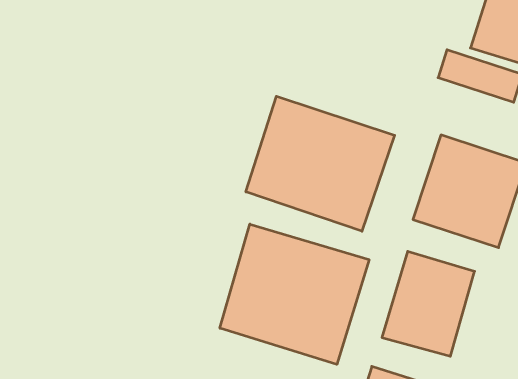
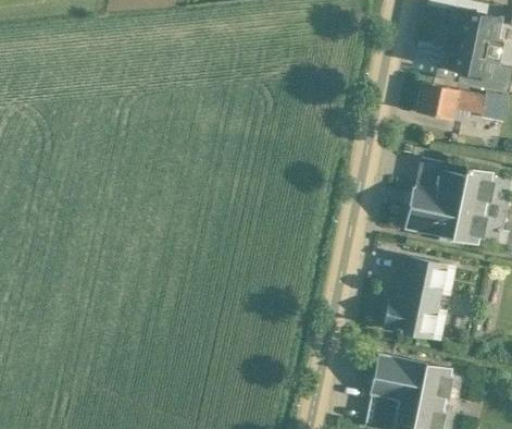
building: [246,96,395,231] -> none
building: [220,224,369,364] -> none

